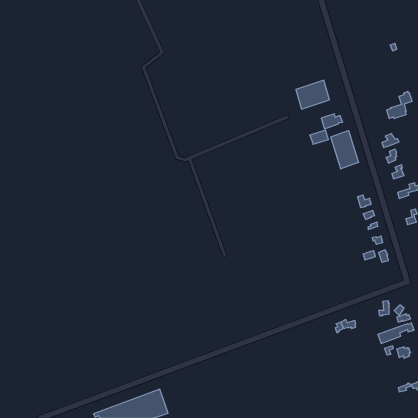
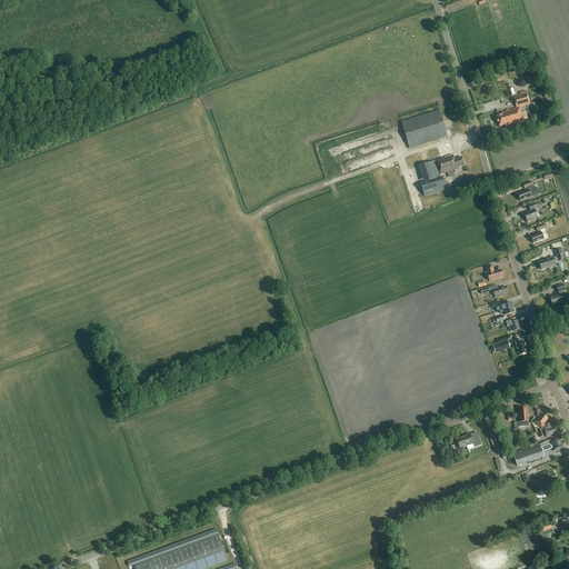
building: [387,91,412,118] -> [497,90,531,127]
building: [331,131,359,169] -> none

